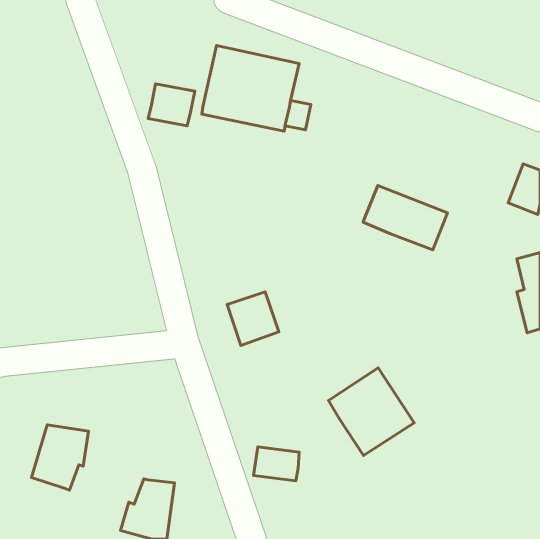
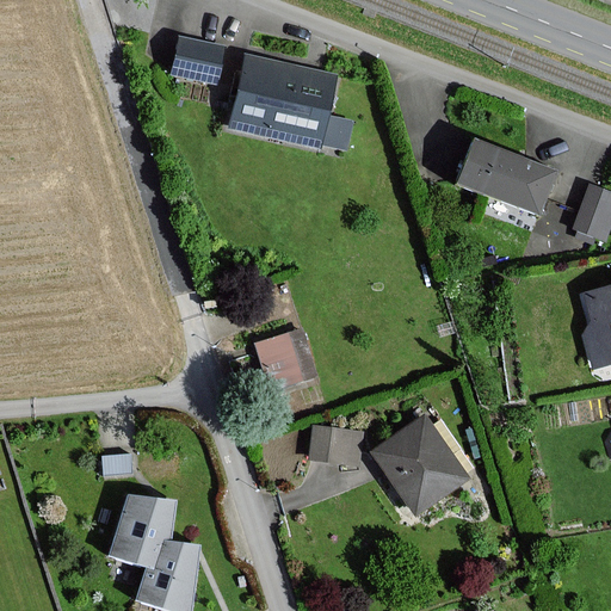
building: [148,84,195,126] -> [171,36,223,84]
building: [363,185,448,250] -> [457,141,553,214]
building: [31,425,88,490] -> [109,495,173,569]
building: [254,447,299,481] -> [309,426,360,464]

